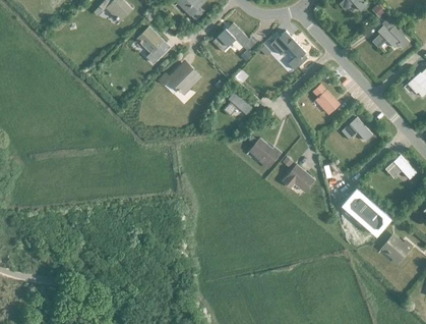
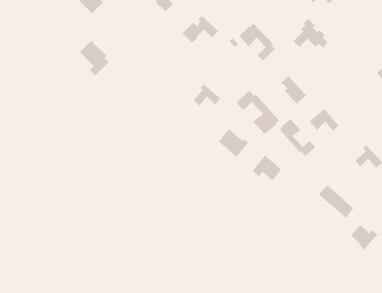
building: [371,17,408,48] -> [293,18,329,48]
building: [136,26,167,63] -> [79,40,109,76]
building: [168,65,200,93] -> none
building: none -> [236,90,279,135]
building: none -> [279,118,316,157]

